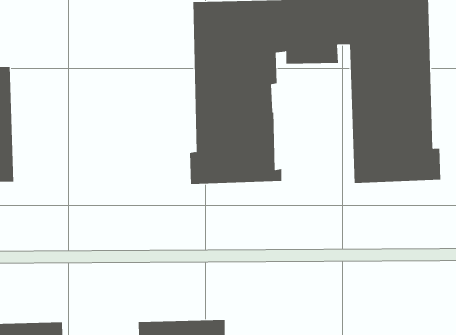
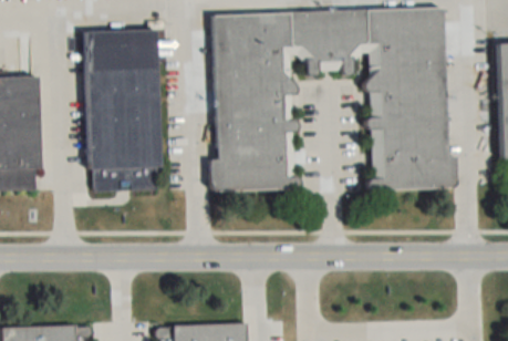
building: none -> [85,29,160,192]

